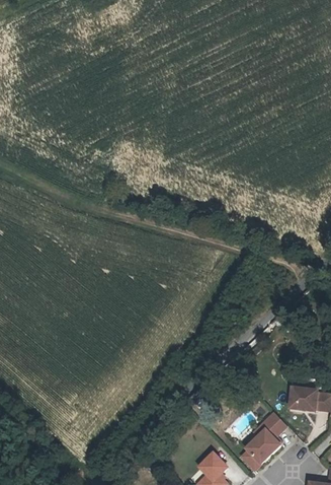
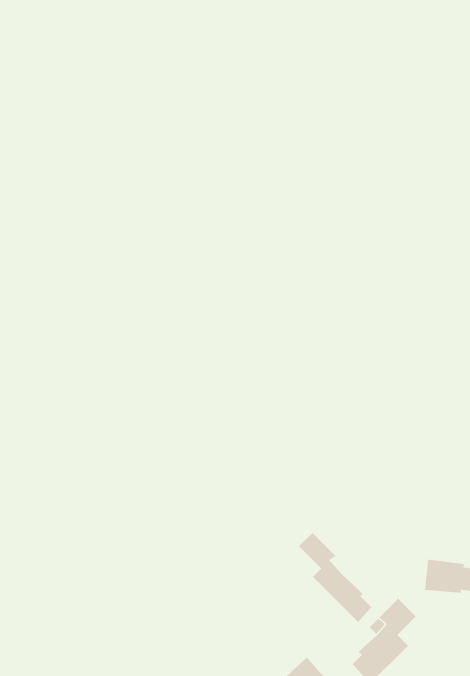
building: none -> [298,532,372,623]

